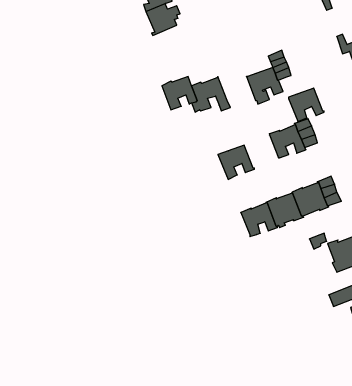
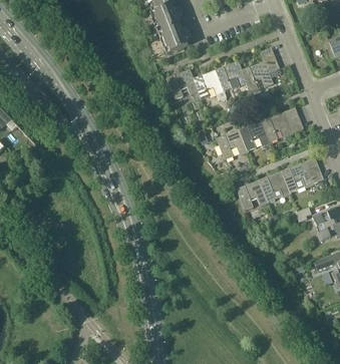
building: none -> [158,24,192,52]
building: none -> [215,60,246,90]
building: [289,88,324,121] -> [239,120,270,149]

